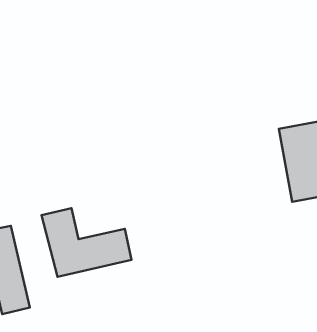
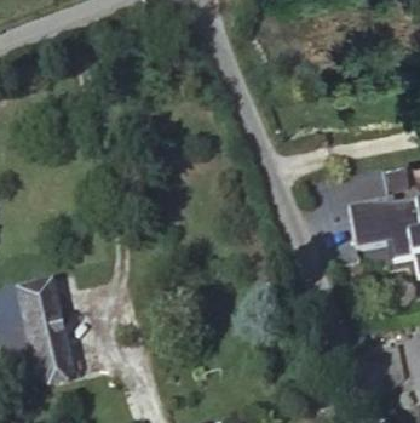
building: [41,208,132,277] -> none

